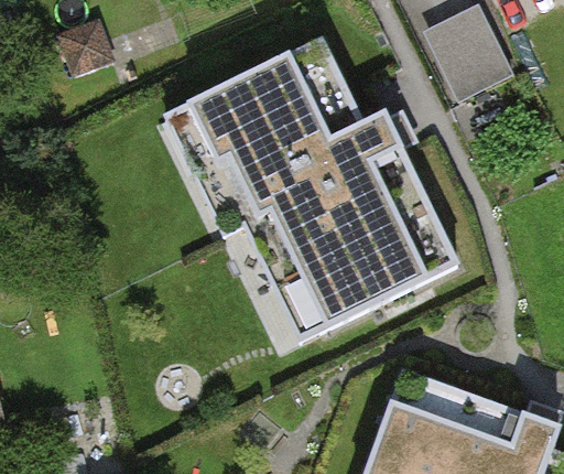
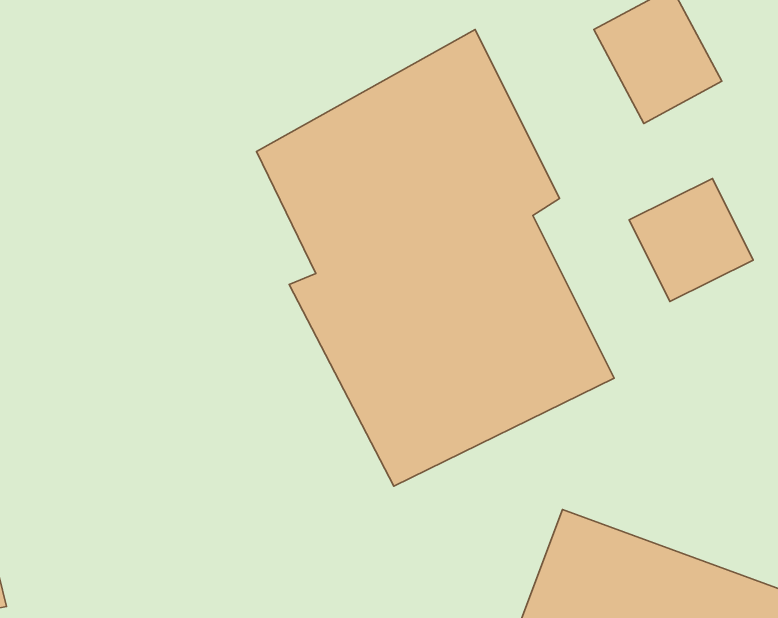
building: none -> [629,178,753,301]

